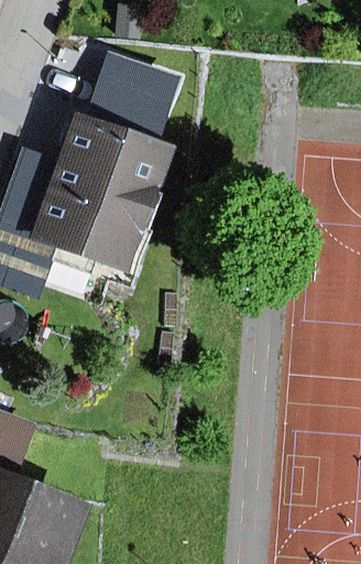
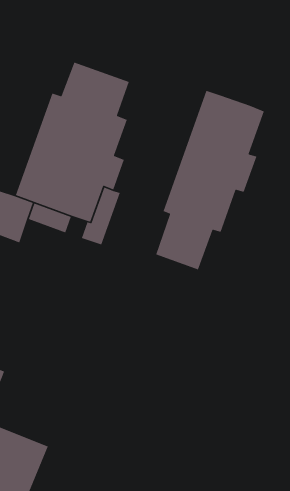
building: none -> [155,90,265,271]

